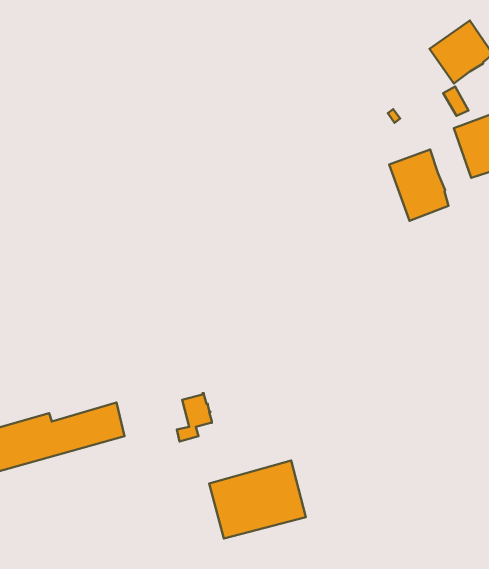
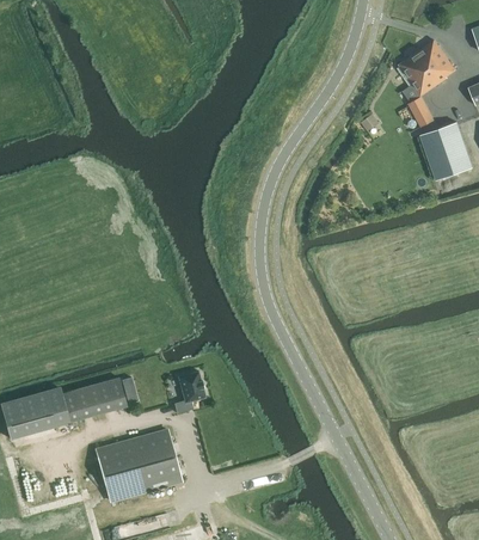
building: [389,150,448,221] -> none
building: [209,461,306,539] -> [94,429,180,498]

